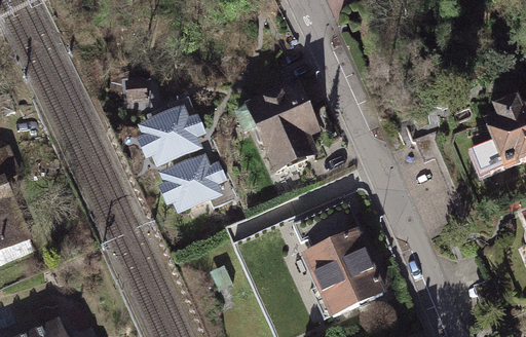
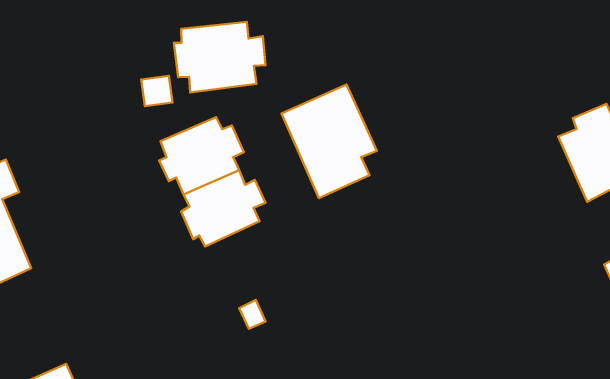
building: none -> [174,22,266,92]
building: [296,226,382,316] -> none

